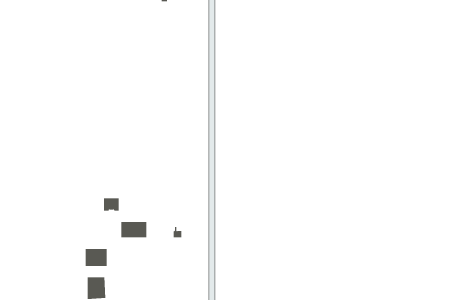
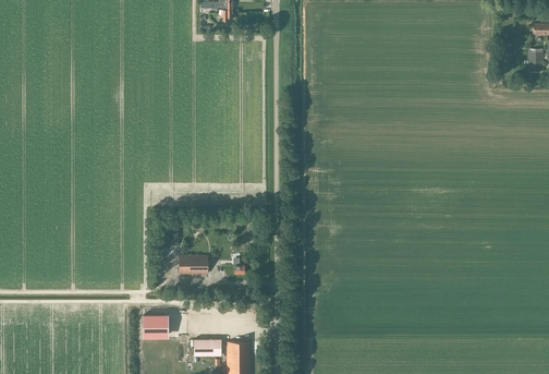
building: [85,248,107,267] -> none

